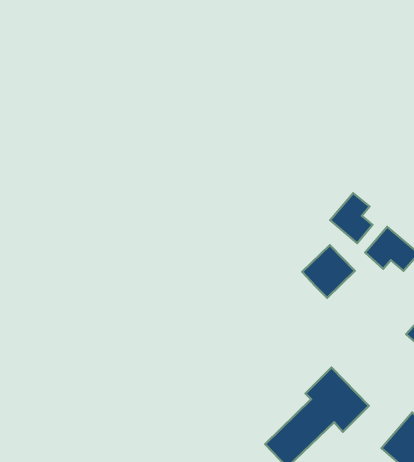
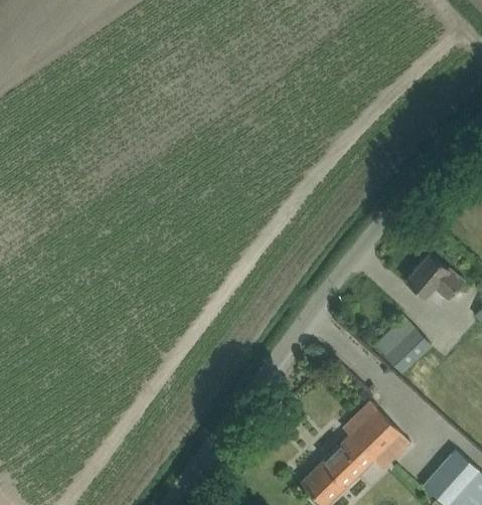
building: [330,193,372,243] -> none
building: [302,245,355,298] -> [376,318,432,373]

